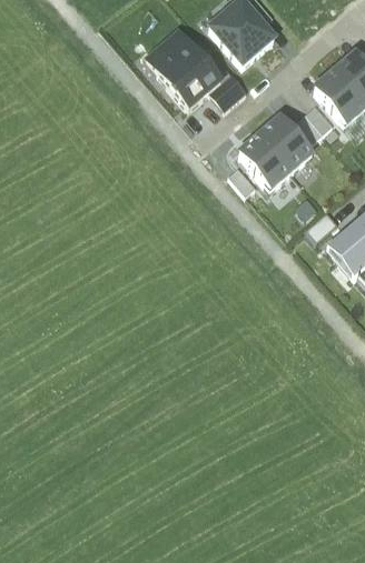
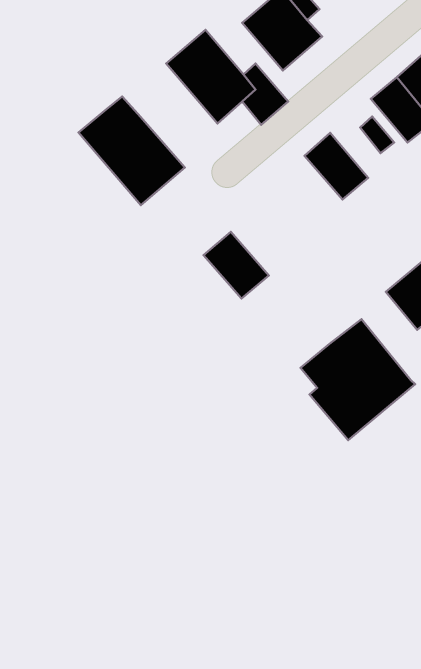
building: none -> [78,96,185,205]
building: [239,132,293,187] -> [204,232,269,298]
building: none -> [301,319,415,440]

